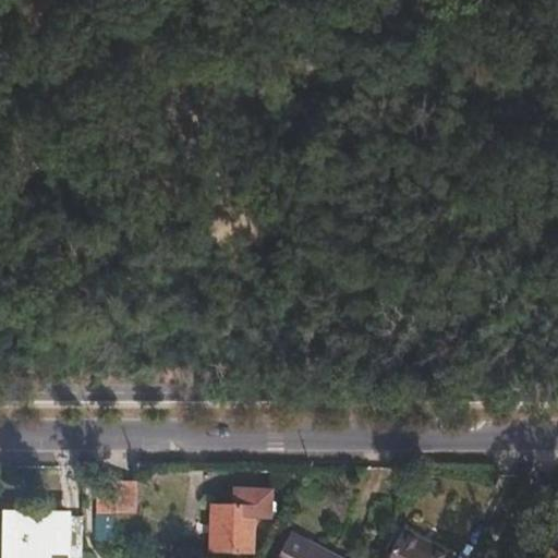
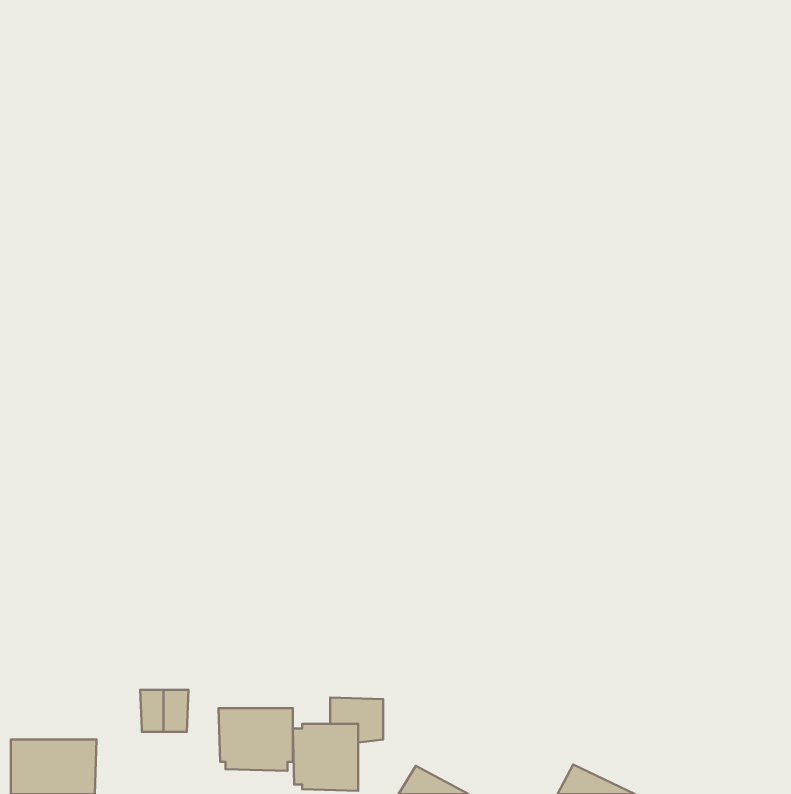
building: none -> [218,708,293,771]

